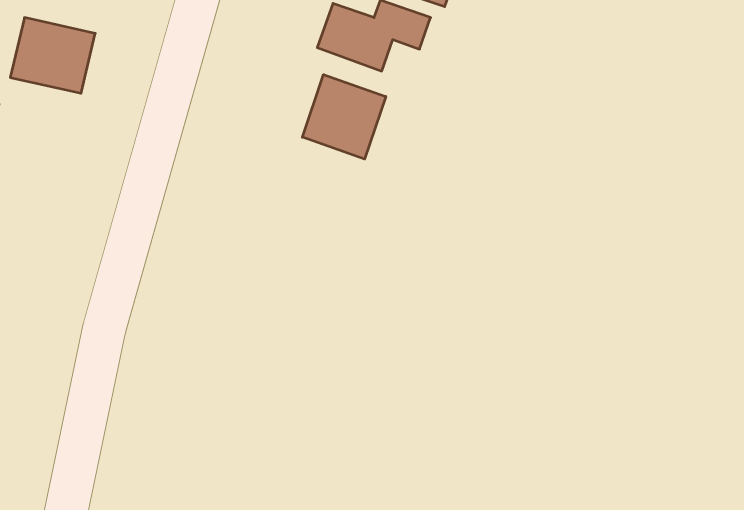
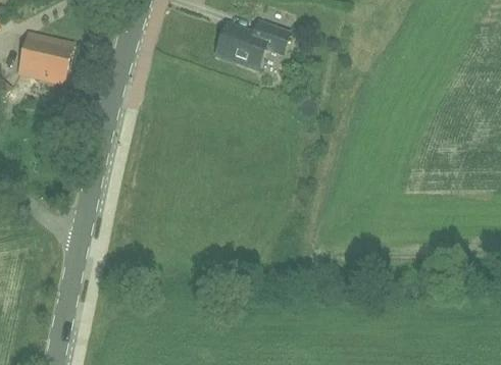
building: [302,75,386,159] -> none

